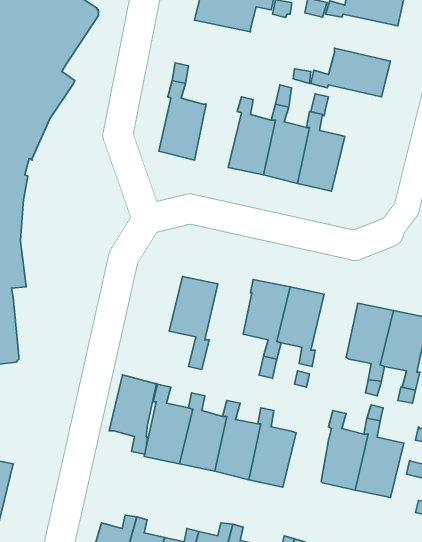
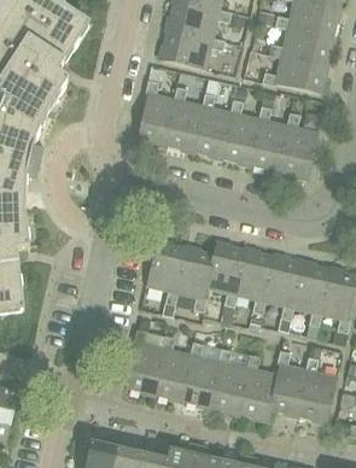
building: none -> [268,25,333,64]
building: none -> [161,30,226,69]
building: none -> [167,86,205,151]
building: none -> [279,112,319,177]
building: none -> [262,255,300,332]
building: [109,375,156,454] -> [175,246,214,311]
building: none -> [239,355,276,420]

